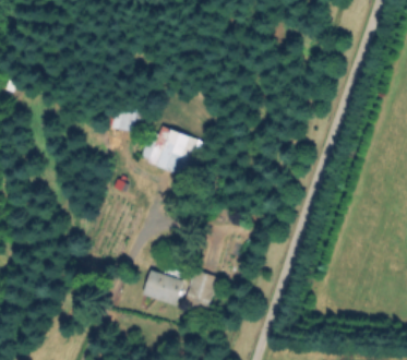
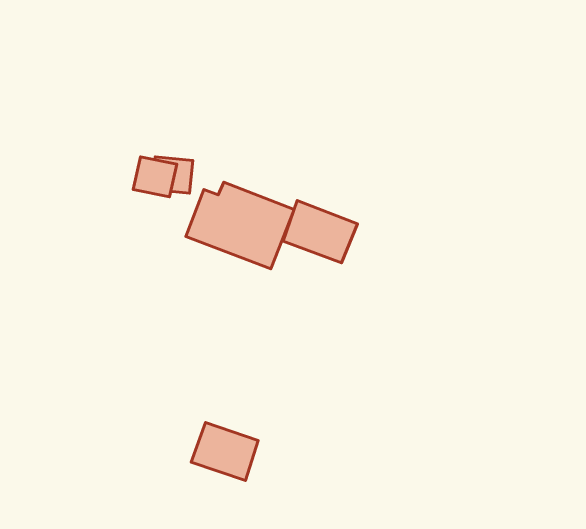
building: none -> [283,201,357,263]
building: [183,268,217,310] -> none

